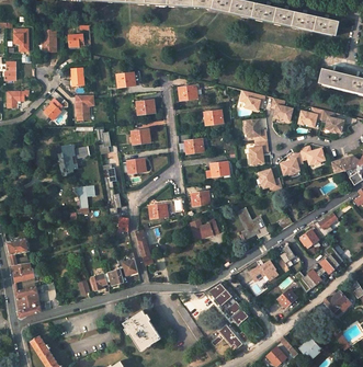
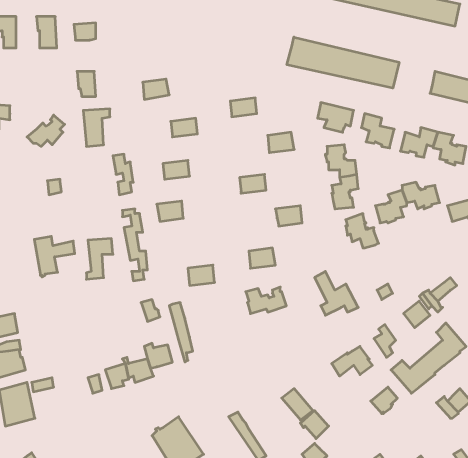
building: none -> [287,37,399,88]
building: [60,144,89,172] -> [34,236,75,277]

